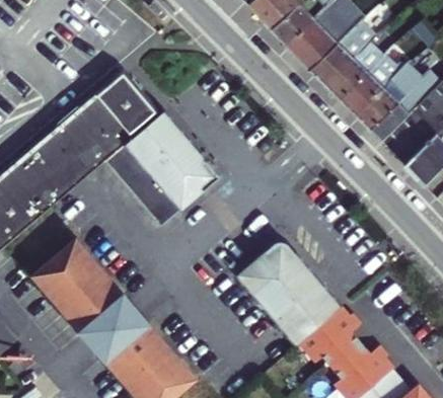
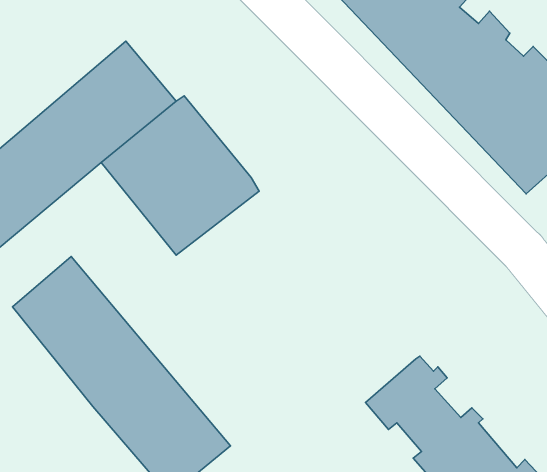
building: [236,237,338,346] -> none

